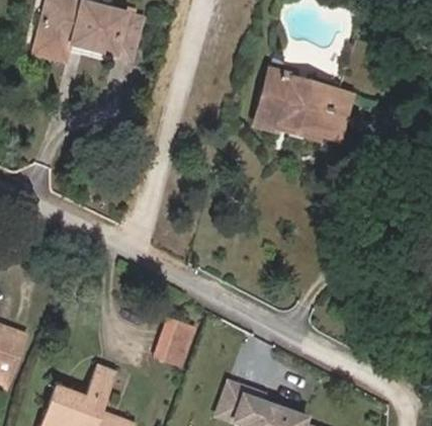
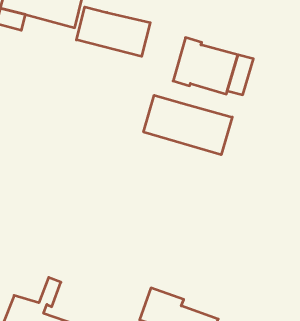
building: none -> [76,7,150,56]
building: none -> [144,95,232,155]
building: [155,318,196,365] -> none

